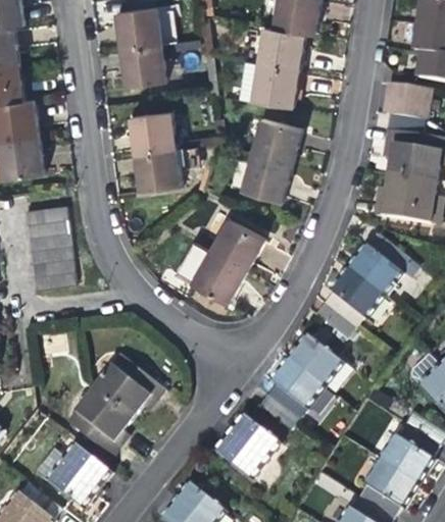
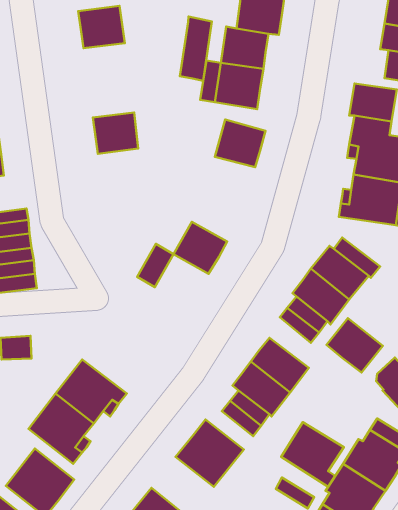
building: none -> [180,17,212,81]
building: [121,43,166,86] -> none
building: [136,147,181,190] -> none
building: [242,155,291,200] -> none
building: [192,251,245,303] -> none
building: none -> [326,318,383,372]
building: none -> [281,422,344,487]

